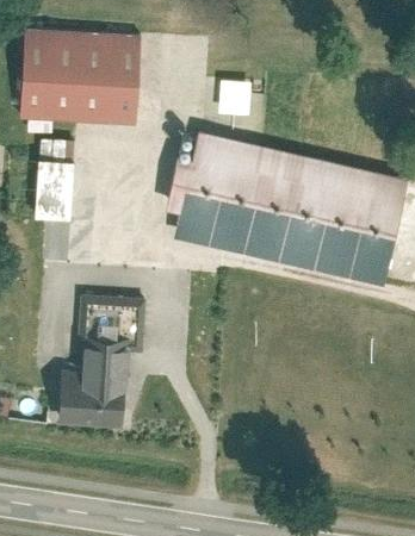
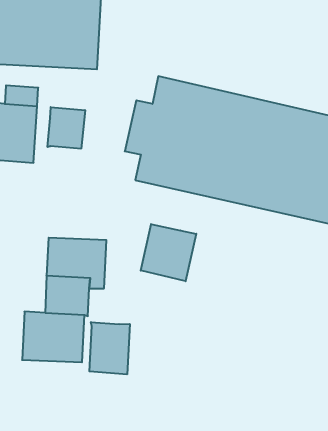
building: none -> [48,107,85,149]
building: none -> [141,224,196,281]
building: none -> [89,322,130,374]

